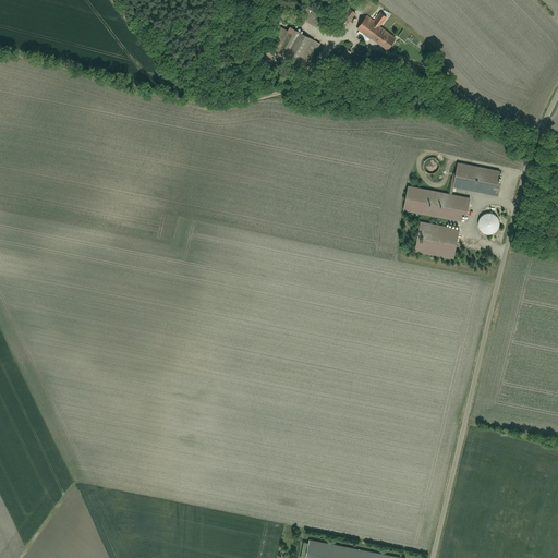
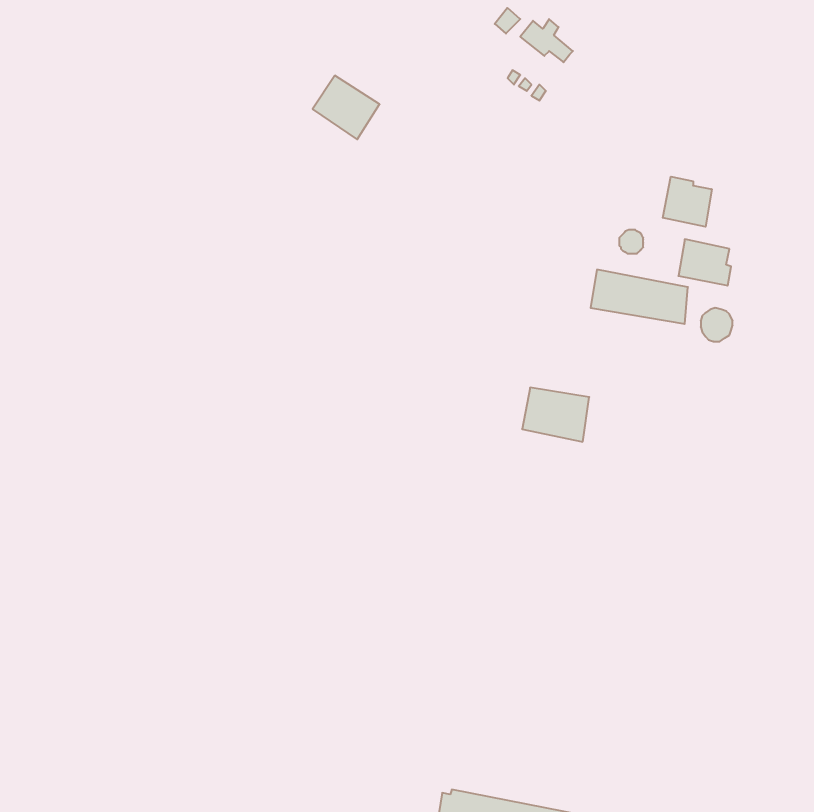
building: [274,25,319,69] -> [313,76,380,139]
building: none -> [663,177,712,227]
building: [414,221,460,258] -> [522,388,589,442]

